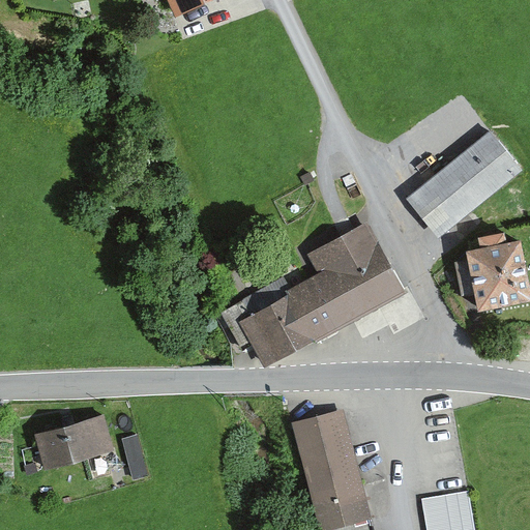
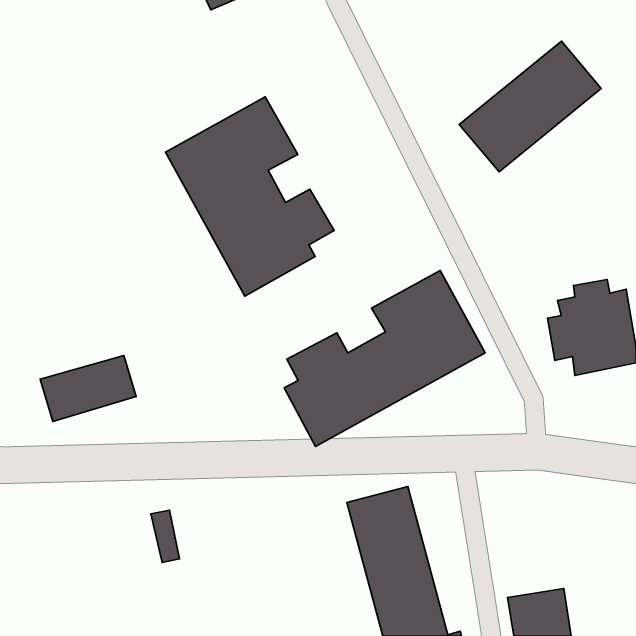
building: none -> [165,97,334,296]
building: [403,132,521,241] -> [459,41,601,172]
building: [32,415,112,470] -> [40,355,136,422]

